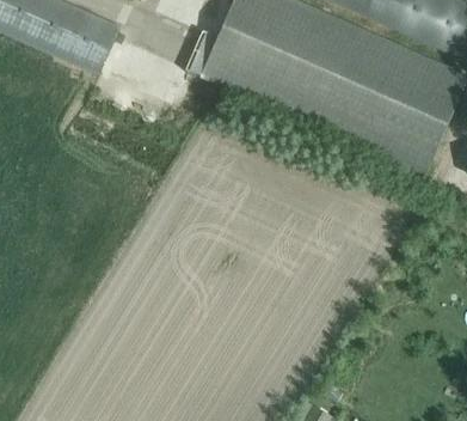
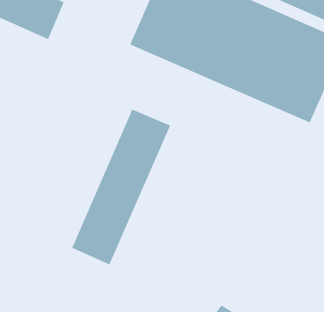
building: none -> [71,108,171,265]

